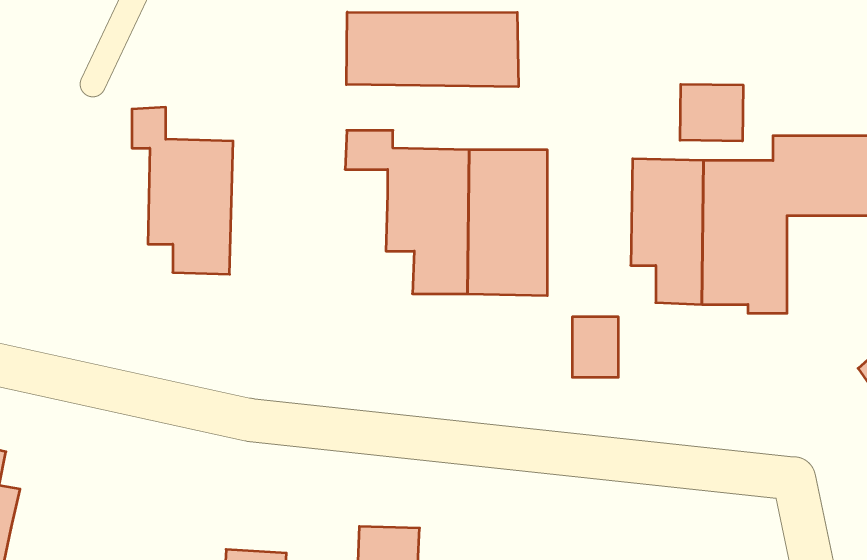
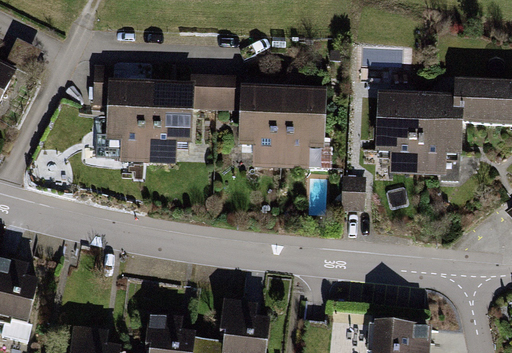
building: [346,12,518,87] -> none
building: [680,84,743,141] -> none
building: none -> [149,74,215,156]

